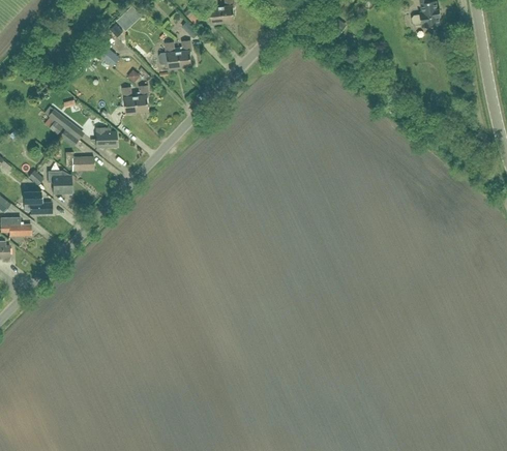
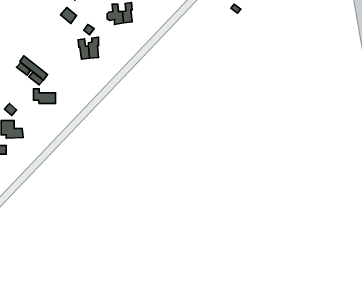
building: [90,127,116,147] -> none
building: [48,170,70,192] -> none

